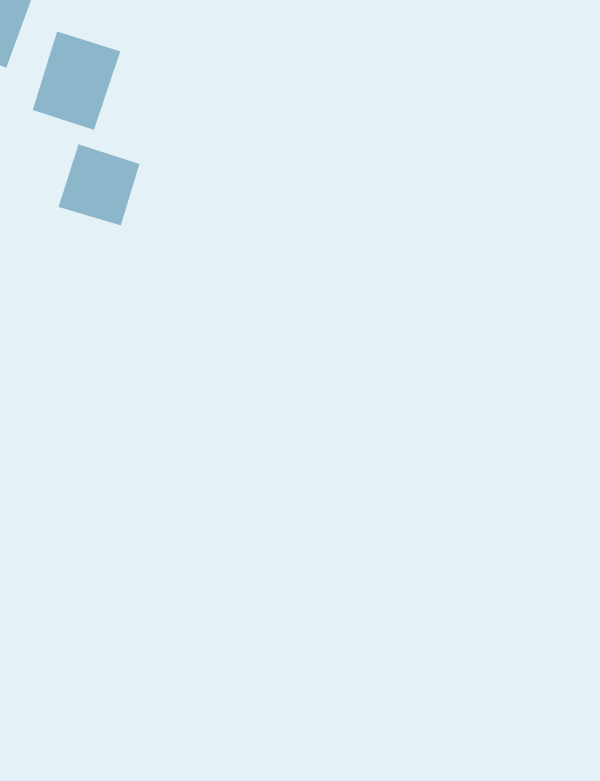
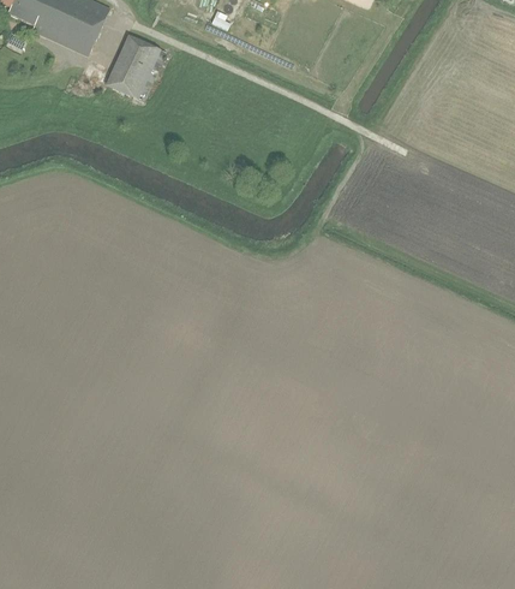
building: [58,144,140,226] -> none

